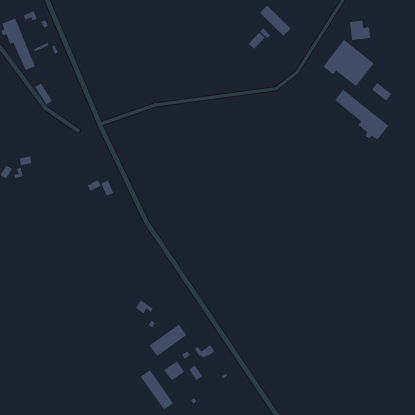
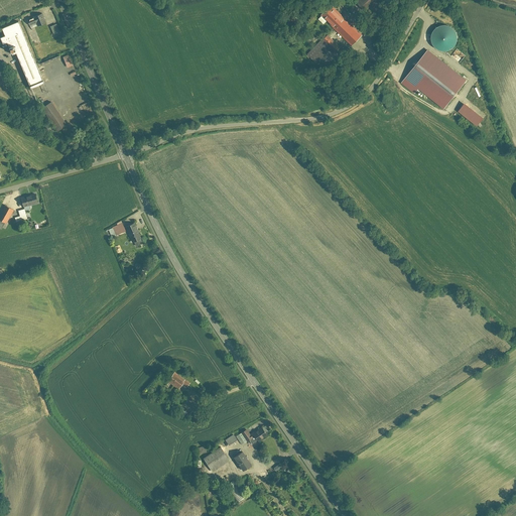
building: [335,89,389,140] -> none
building: [148,324,187,357] -> none
building: [140,369,174,411] -> none

